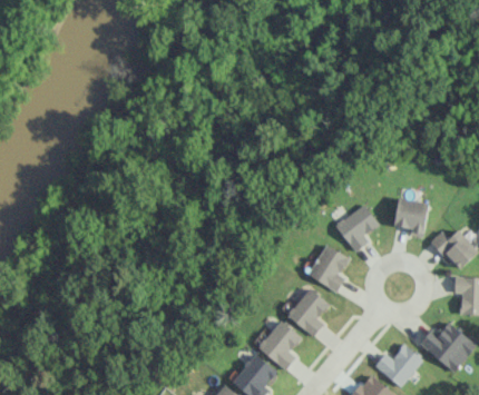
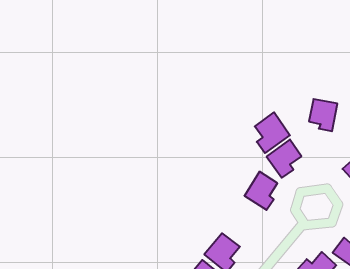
building: none -> [255,112,290,153]
building: [393,197,429,237] -> [309,99,337,131]
building: [287,288,329,336] -> none

